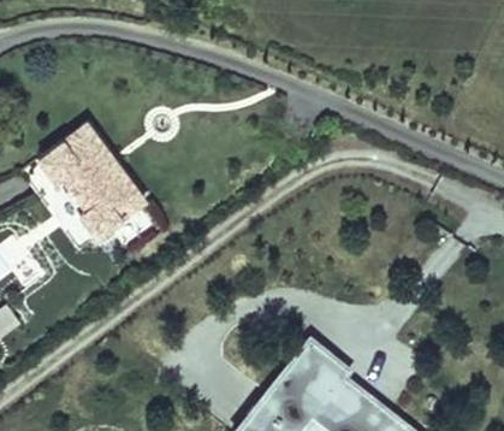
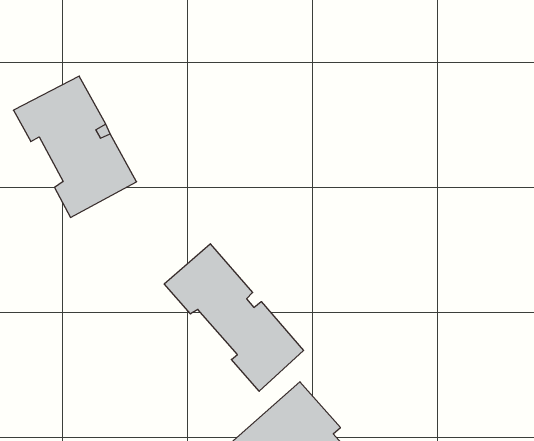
building: none -> [164,244,304,391]

